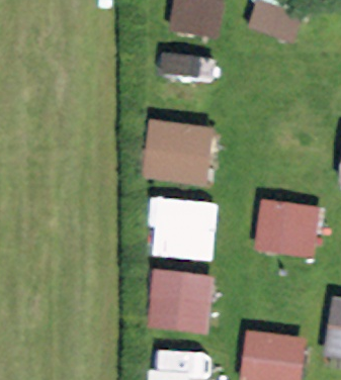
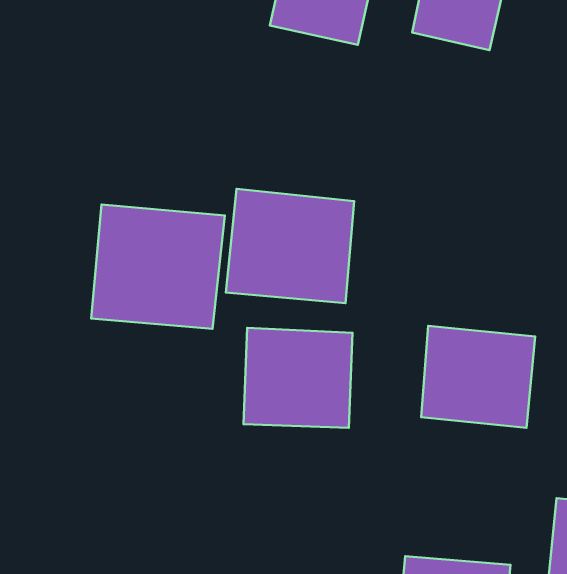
building: none -> [91,205,225,329]
building: [147,268,214,334] -> none

